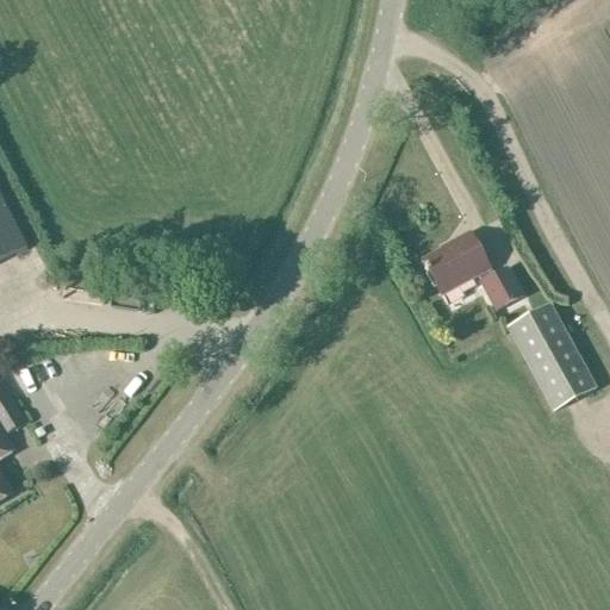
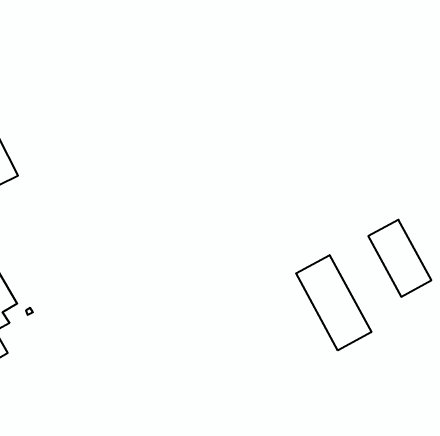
building: [423,231,522,309] -> none
building: none -> [296,255,371,350]

